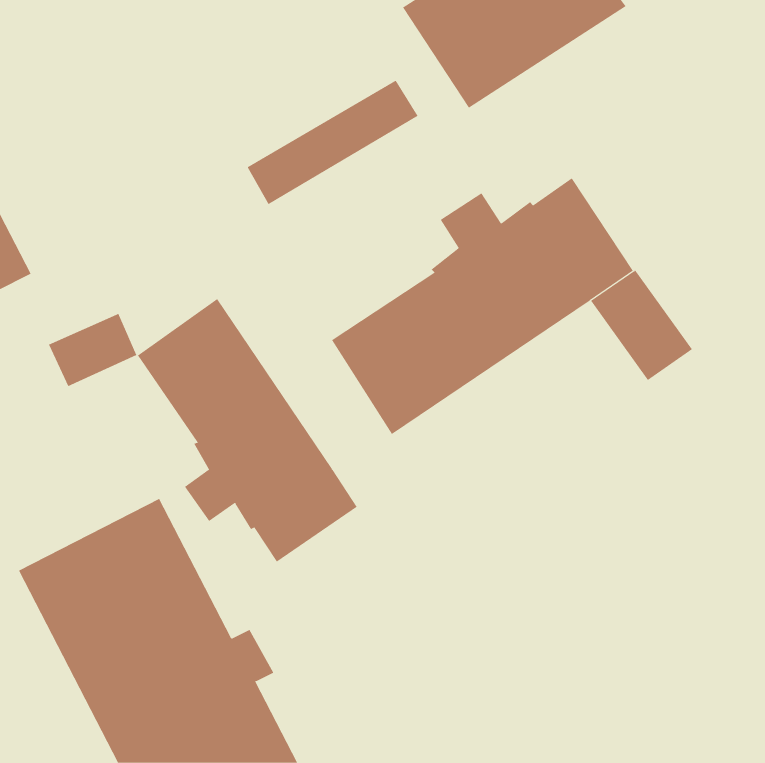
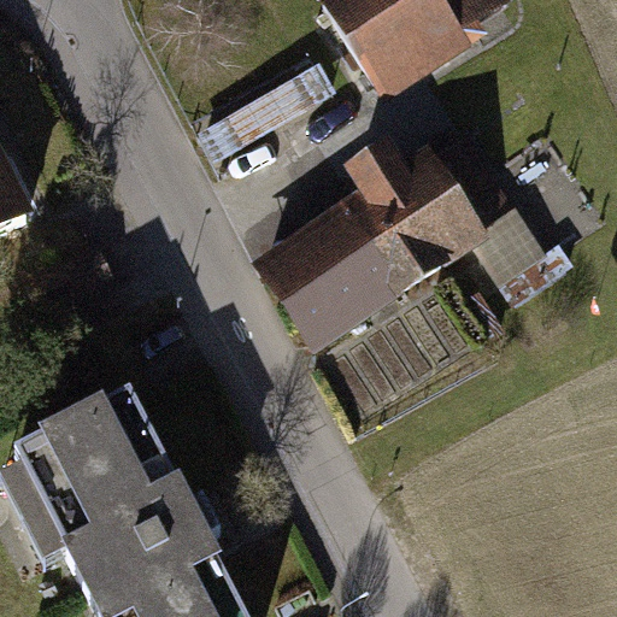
building: [137,298,358,562] -> none

